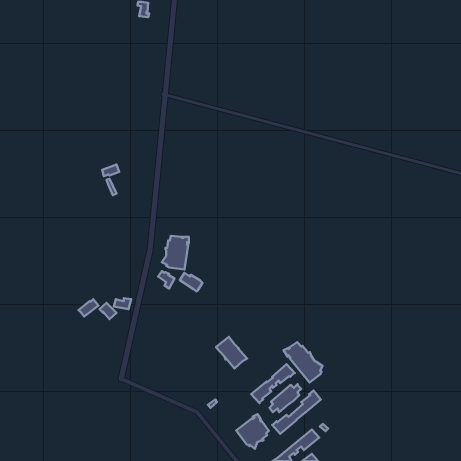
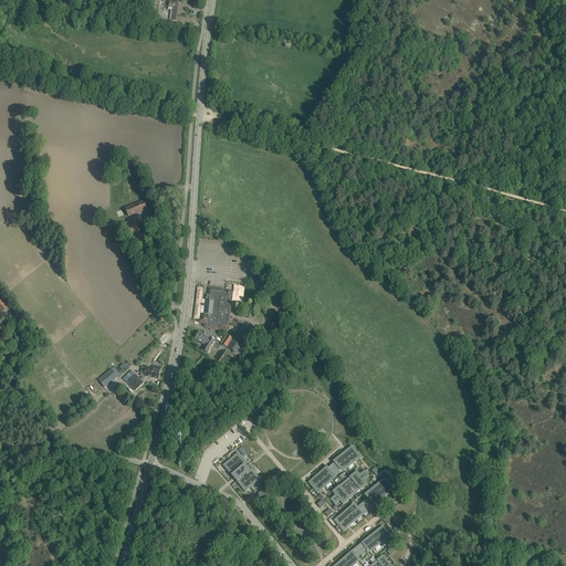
building: [216,337,247,368] -> [222,452,260,491]
building: [283,342,323,382] -> none
building: [236,414,269,449] -> none

